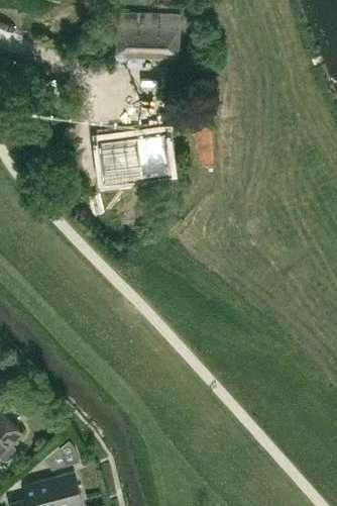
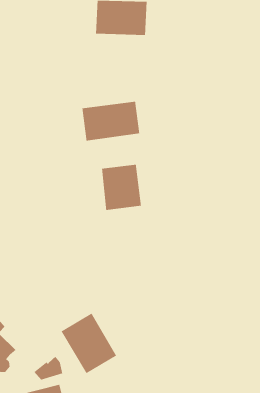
building: none -> [101,164,142,211]
building: none -> [60,312,117,374]

